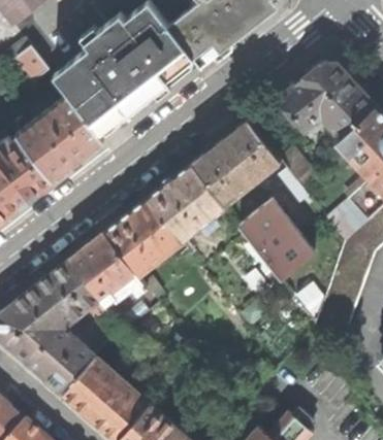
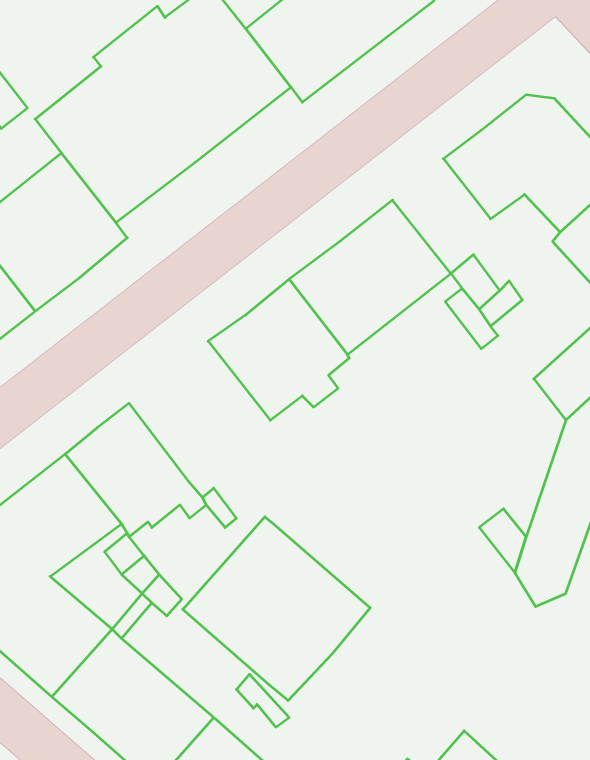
building: [105,197,183,274] -> none
building: [241,201,314,277] -> none
building: none -> [183,517,370,701]

